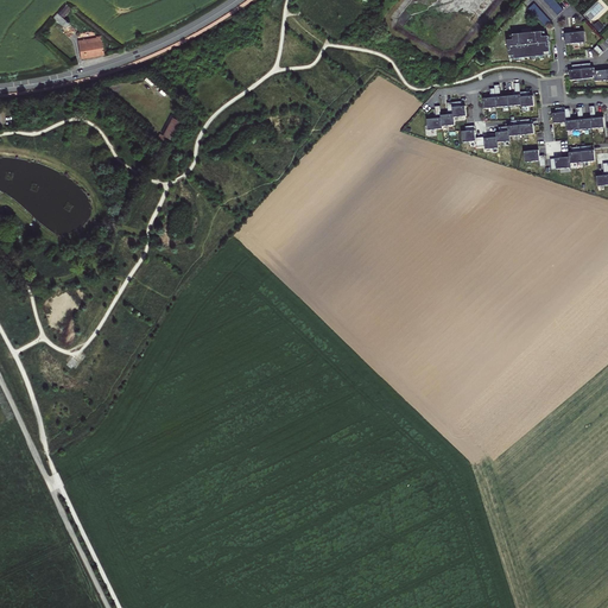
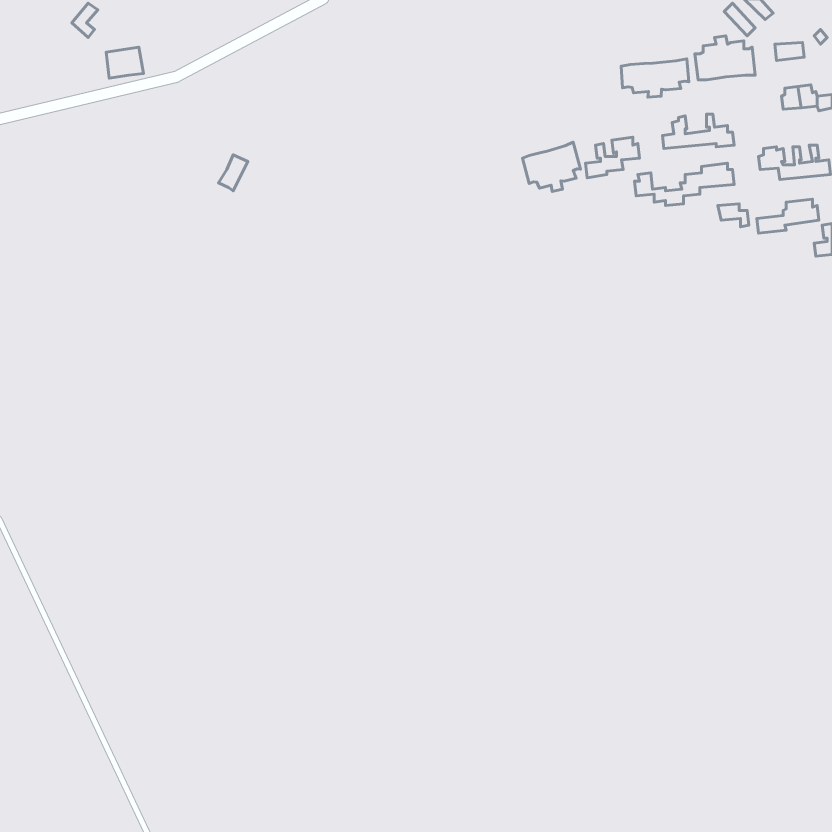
building: none -> [621,59,689,97]
building: none -> [522,142,581,192]

